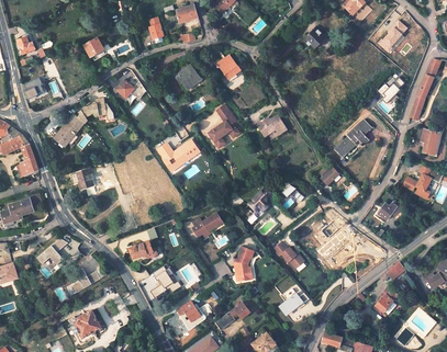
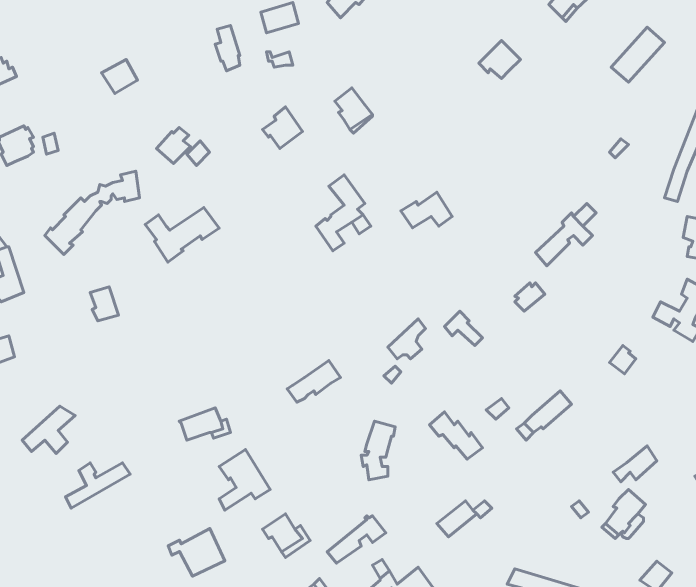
building: [157,140,200,172] -> [145,207,219,262]
building: [68,309,101,337] -> [168,529,225,576]

